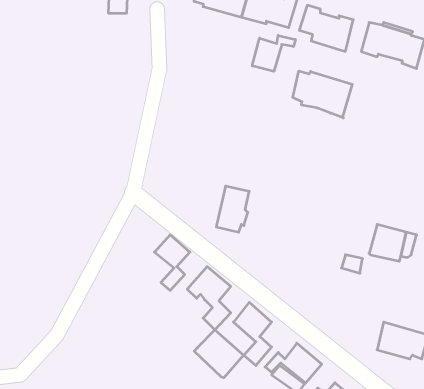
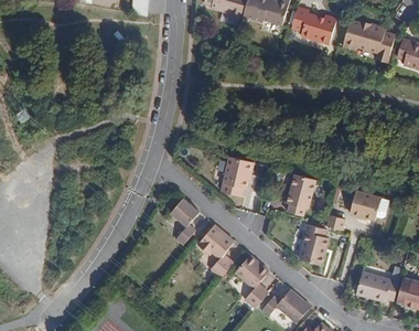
building: [252,35,295,71] -> none
building: [293,71,352,118] -> none
building: none -> [284,173,314,214]
building: none -> [298,223,327,264]
building: [194,330,244,378] -> none

